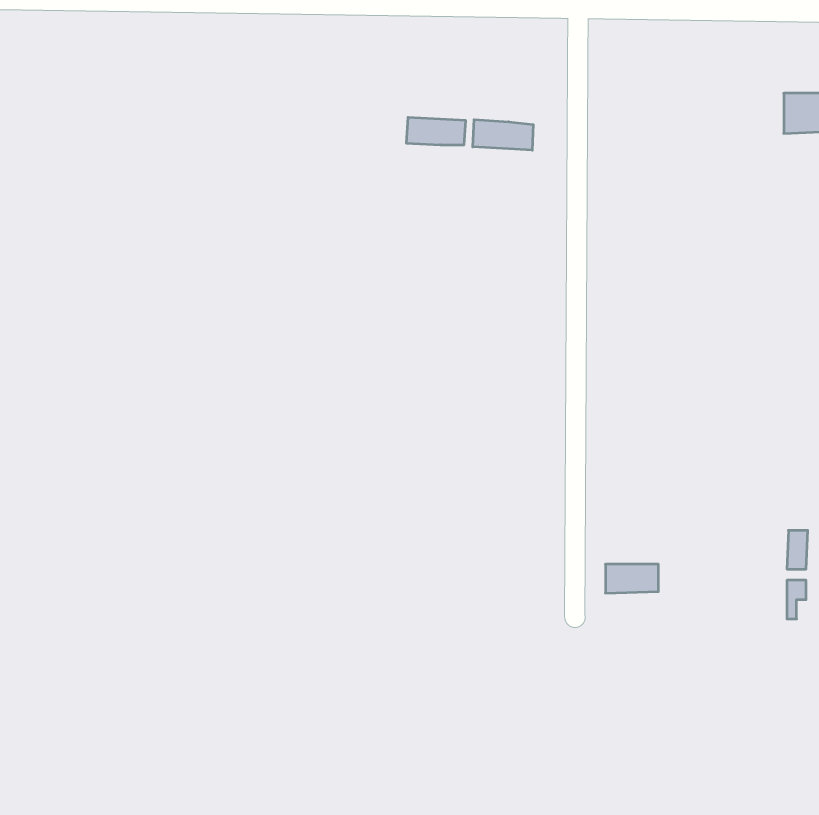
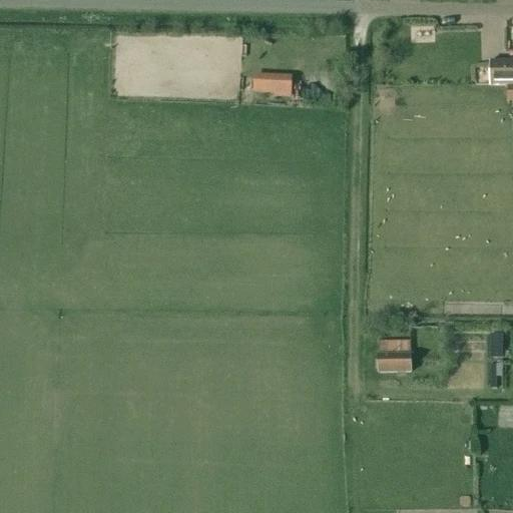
building: [473,120,533,150] -> none

